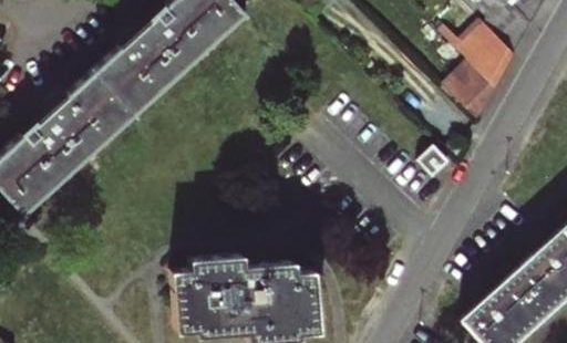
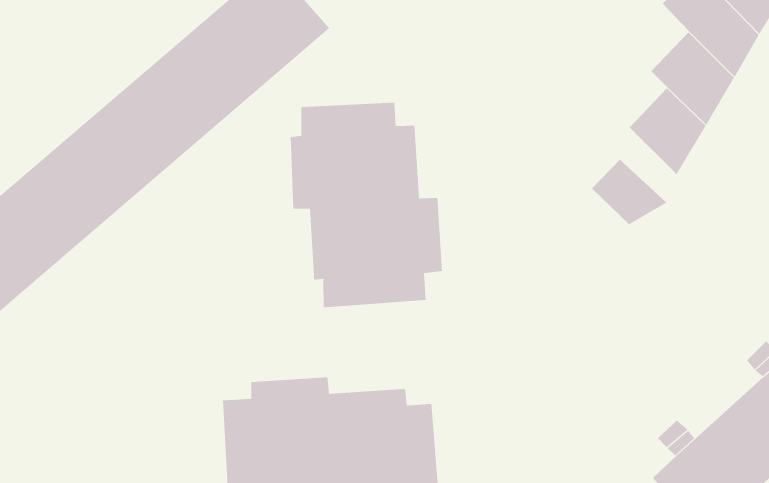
building: none -> [290,102,443,308]
building: none -> [591,159,668,225]

